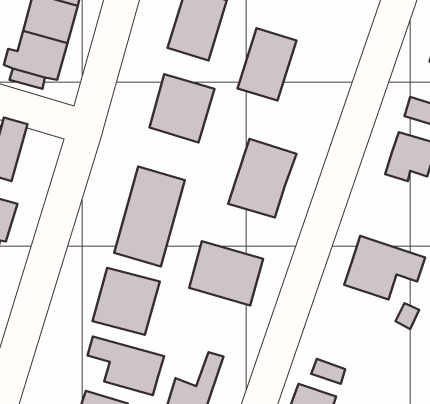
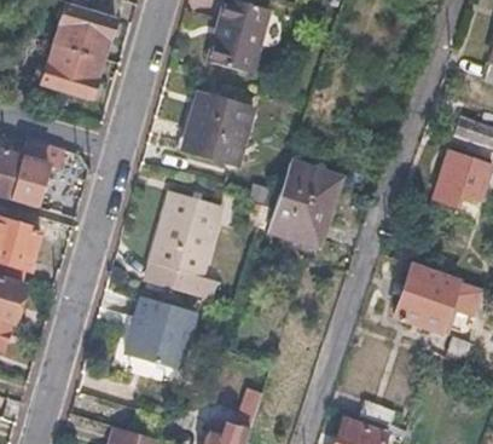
building: [237,28,296,101] -> none
building: [189,241,263,306] -> none
building: [87,337,164,395] -> none

